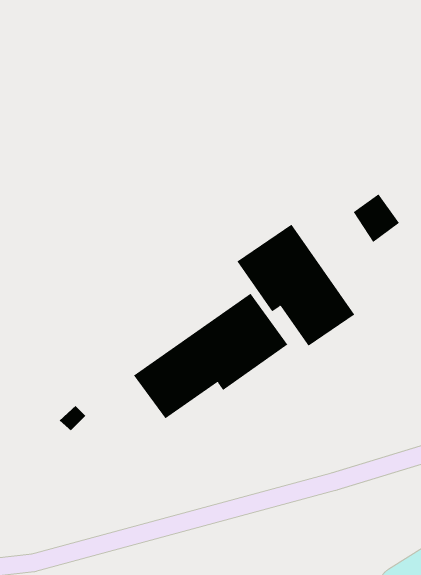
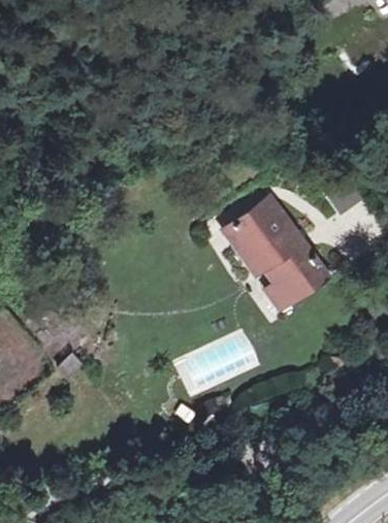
building: [133,293,288,419] -> none

